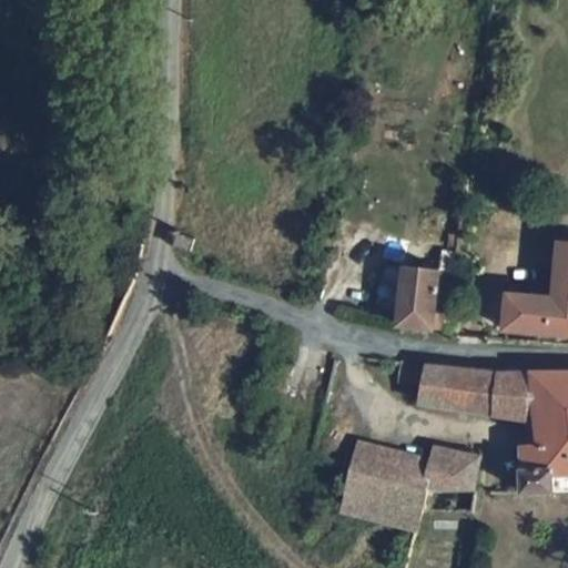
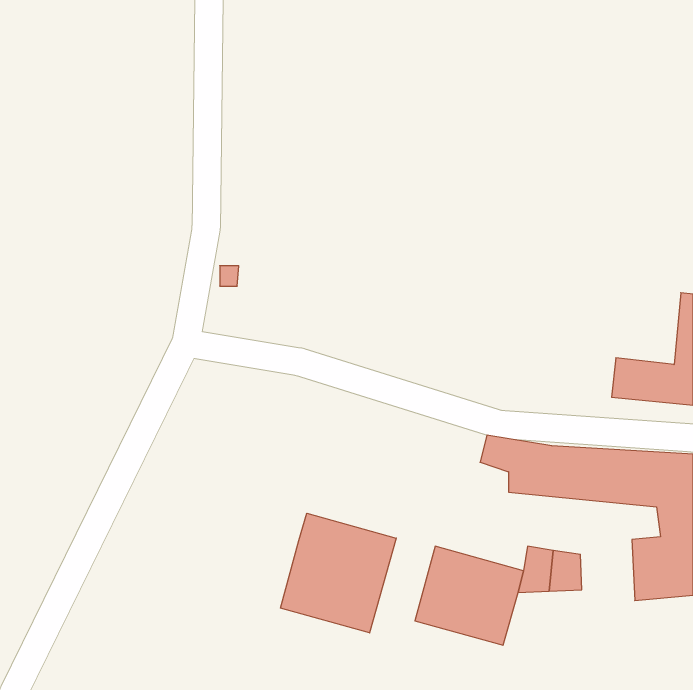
building: [395,248,438,332] -> none
building: none -> [280,513,396,633]

